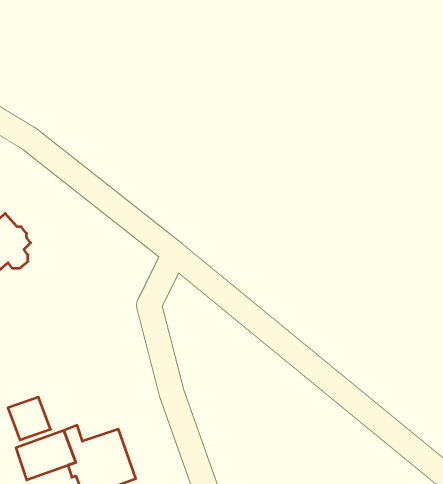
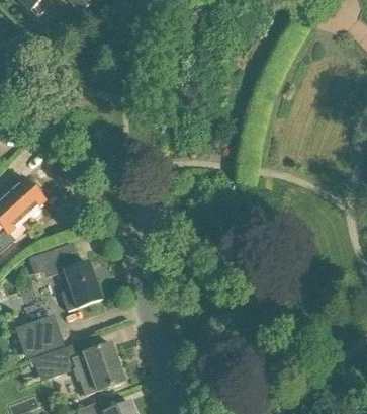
building: none -> [29,243,101,309]

